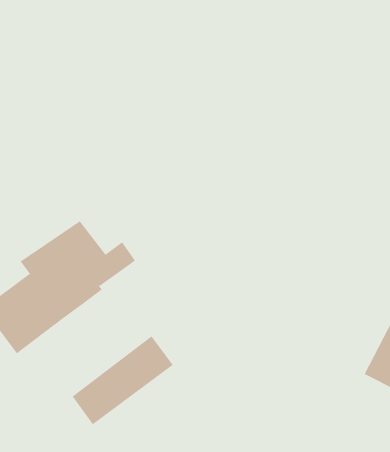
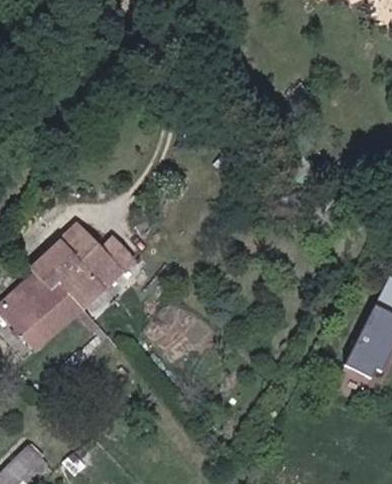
building: [72,335,174,425] -> none

